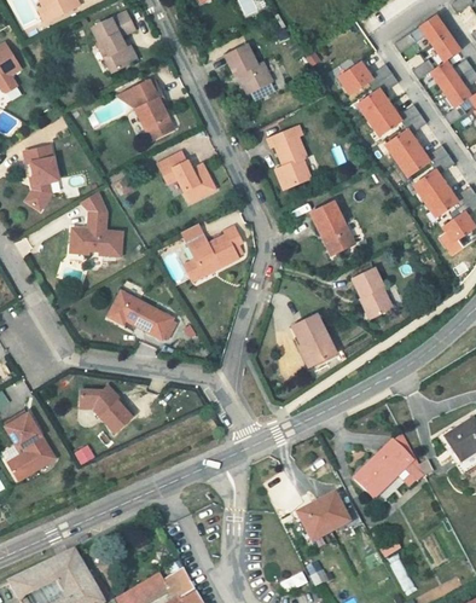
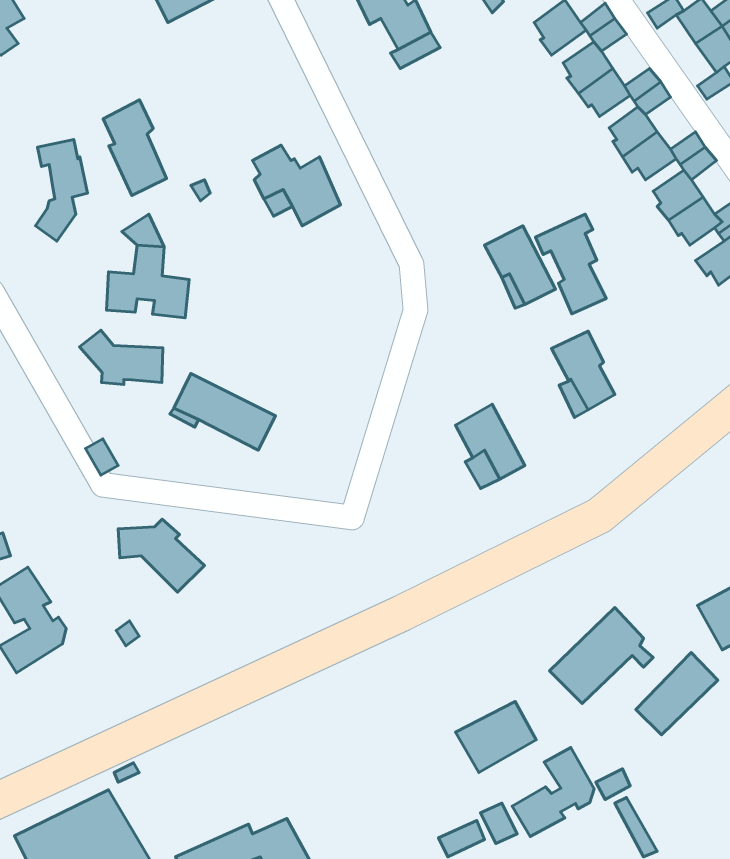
building: [133,79,173,139] -> [103,100,166,196]
building: [268,122,313,185] -> [535,214,606,314]
building: [185,220,245,278] -> none
building: none -> [79,330,163,385]
building: none -> [636,653,718,735]
building: none -> [512,748,594,837]

